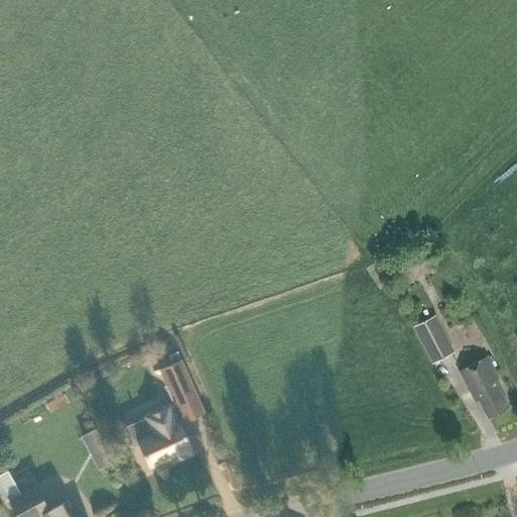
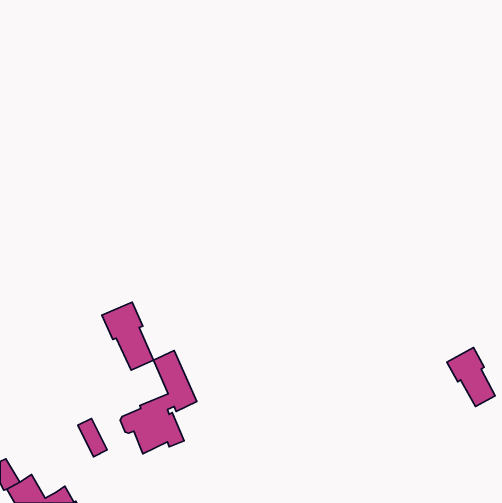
building: none -> [102,302,154,370]
building: [413,314,455,364] -> none

